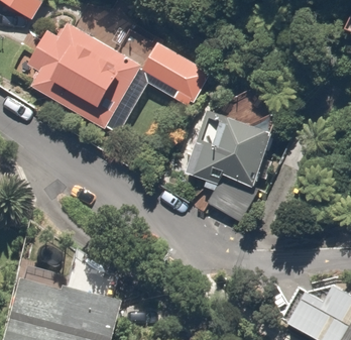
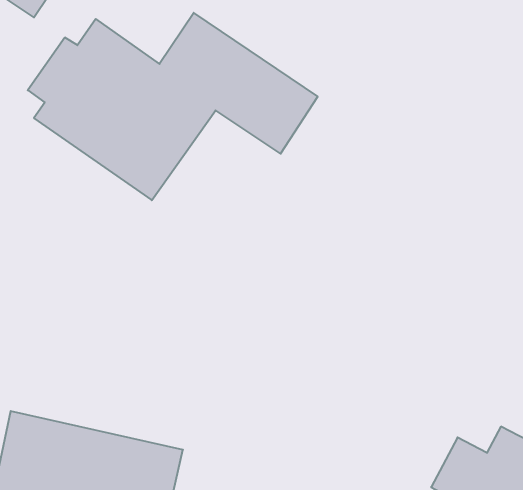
building: [186,104,278,223] -> none

